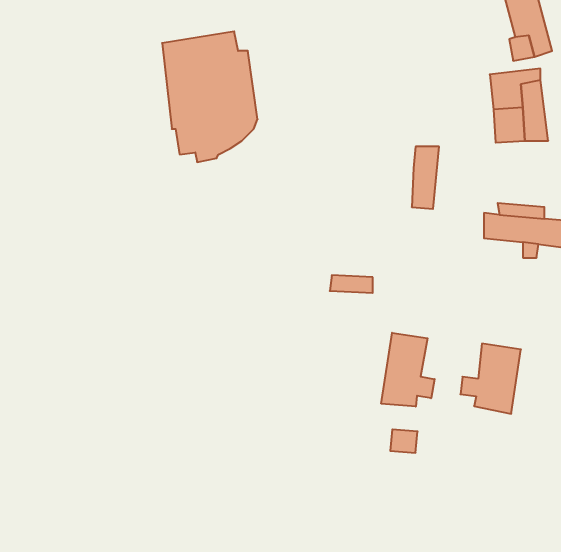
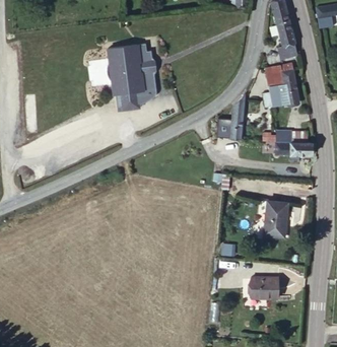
building: [381,333,435,407] -> none
building: none -> [248,280,276,302]

